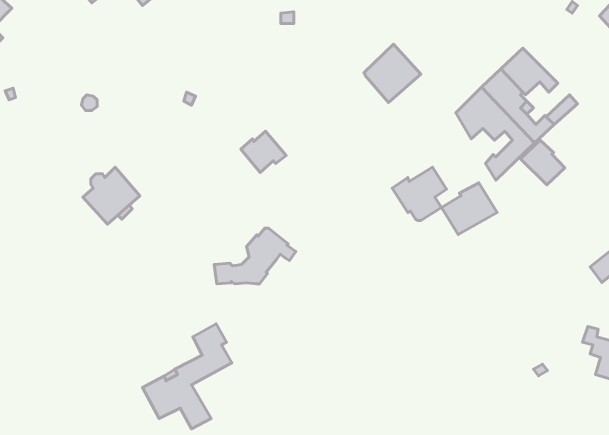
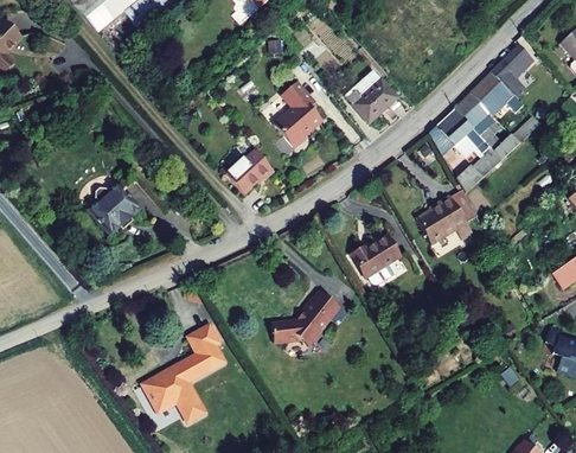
building: none -> [491,43,533,94]
building: none -> [274,79,322,147]
building: [521,140,565,185] -> none
building: [392,167,447,220] -> [351,235,401,283]
building: [214,228,296,284] -> [271,289,346,340]

